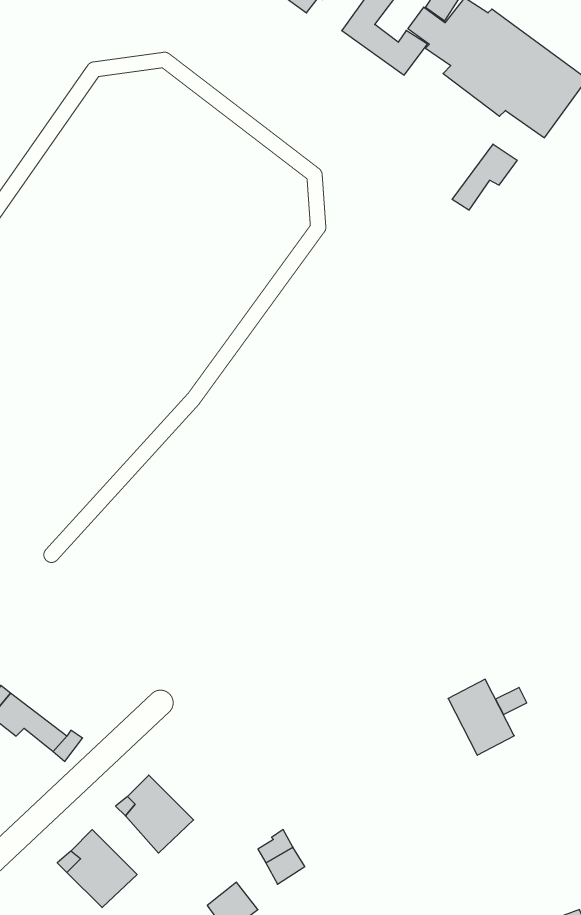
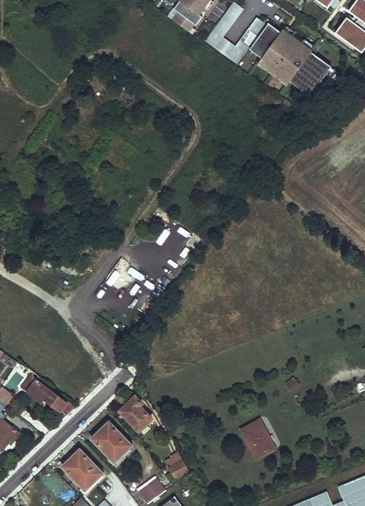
building: [452,144,517,210] -> none
building: [448,679,514,755] -> [243,421,277,460]
building: none -> [118,397,149,431]

